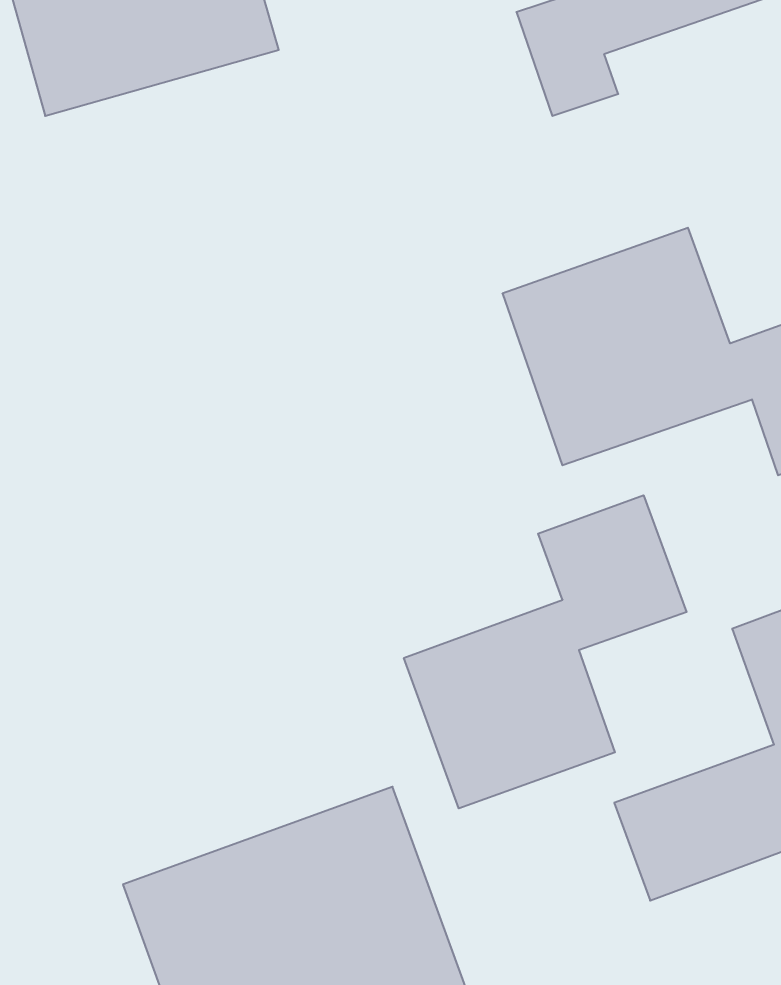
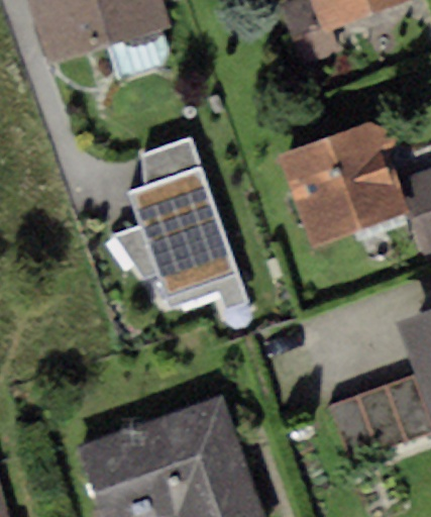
building: none -> [113,135,245,303]
building: [404,495,687,808] -> none

